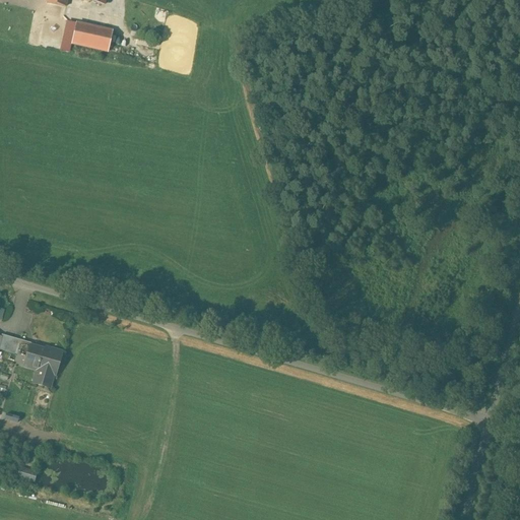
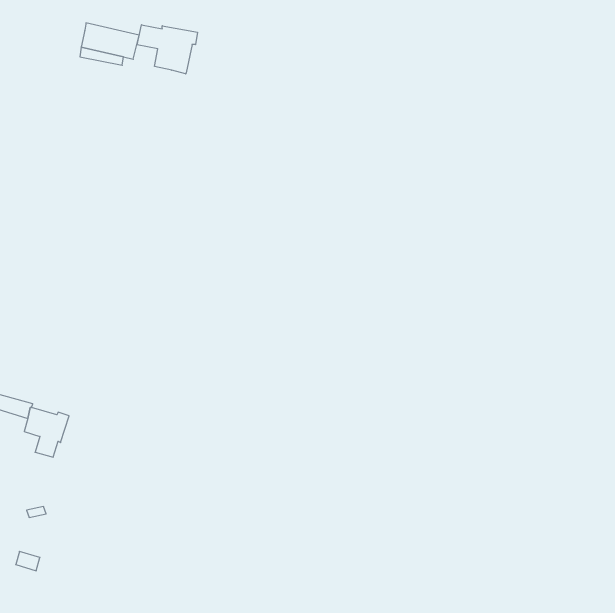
building: none -> [137,25,197,74]

